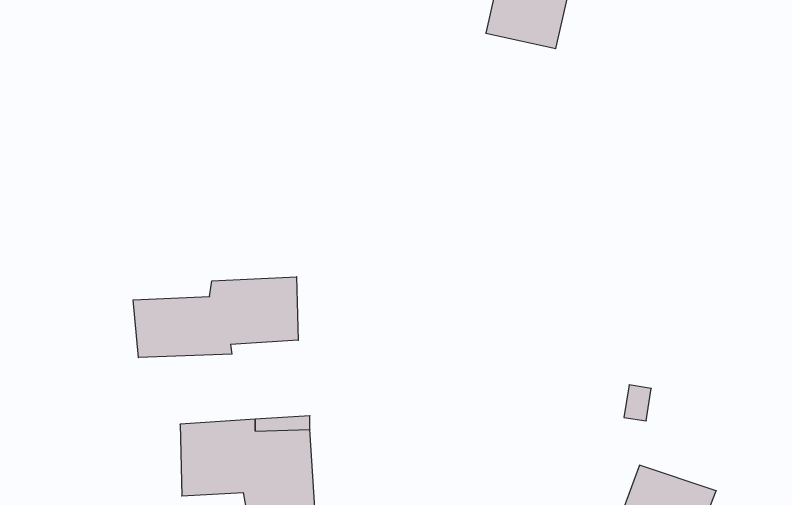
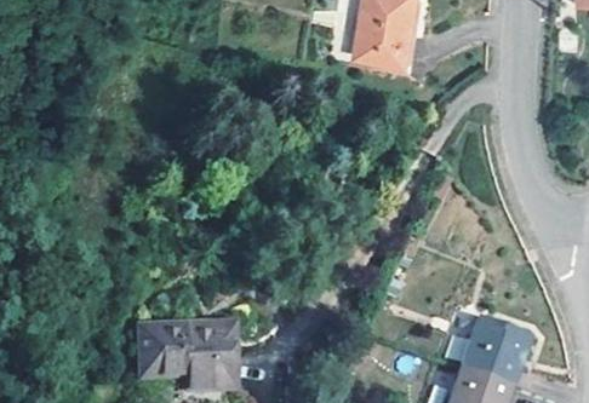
building: [133,277,298,358] -> none
building: none -> [463,311,536,379]

